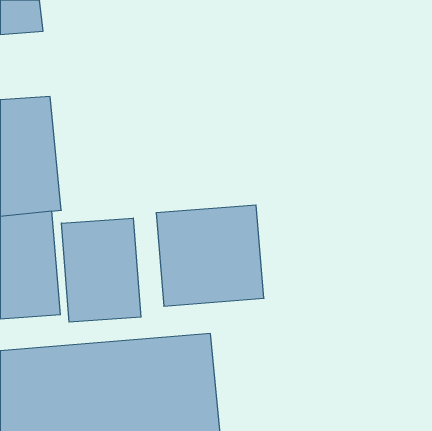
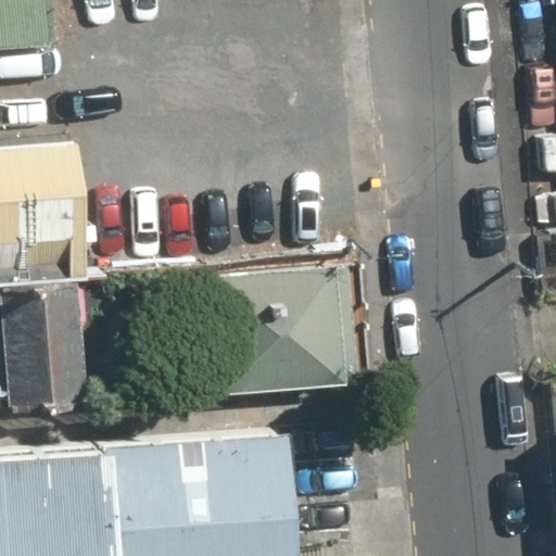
building: [61,218,141,322] -> none

